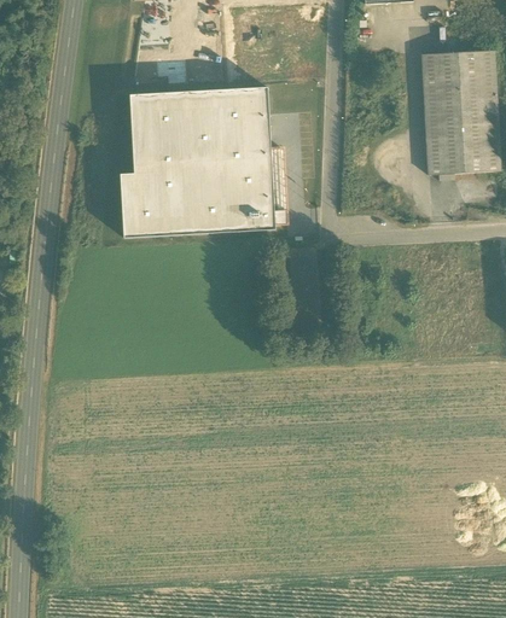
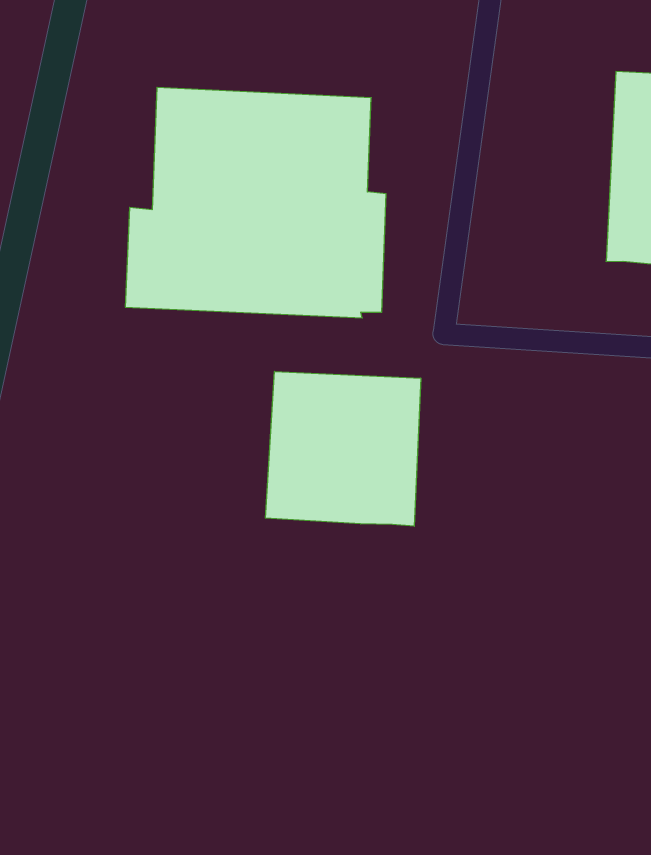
building: none -> [265,371,421,526]

